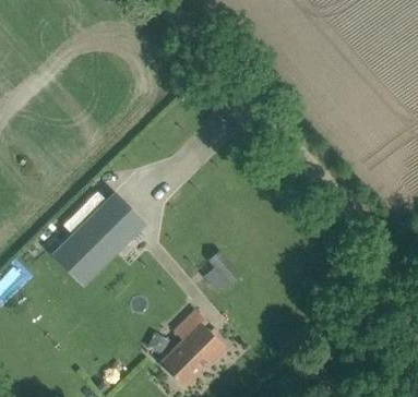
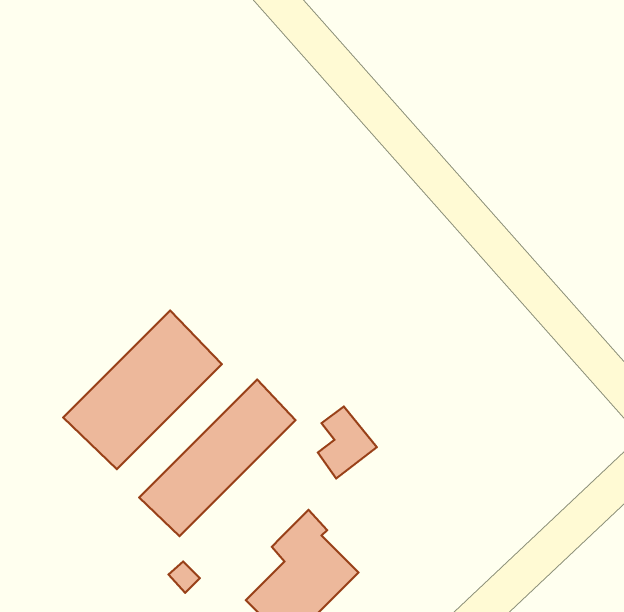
building: none -> [139,380,296,536]

